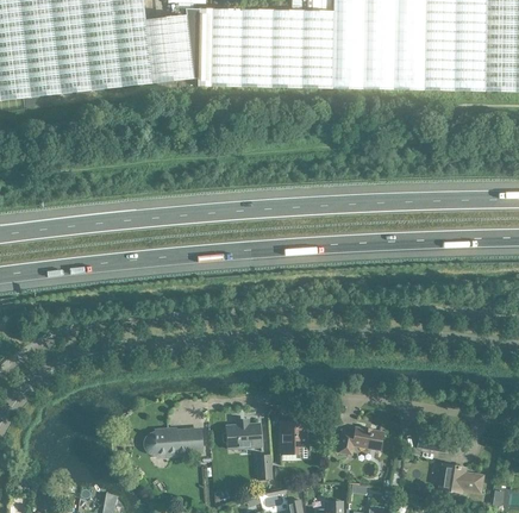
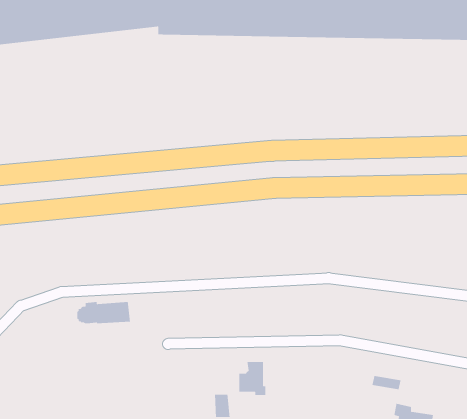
building: [223,421,261,449] -> none
building: [338,427,382,455] -> none
building: [146,430,202,453] -> [77,301,131,324]

